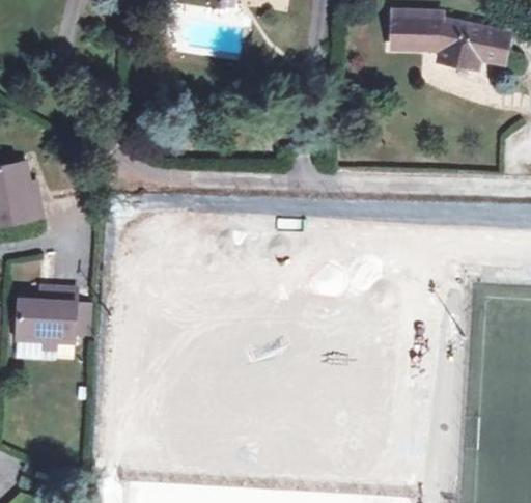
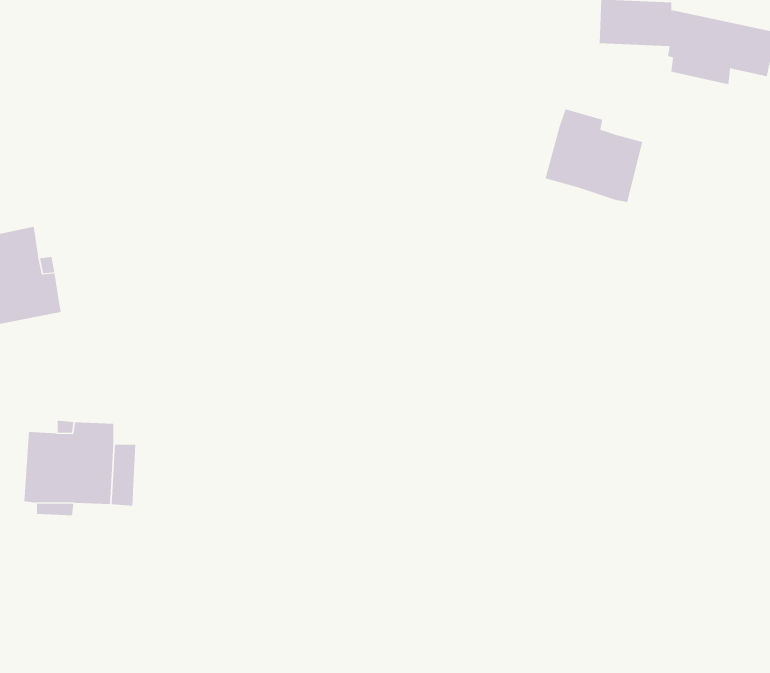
building: none -> [545,108,643,203]

